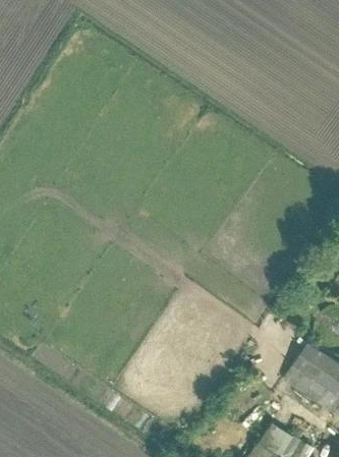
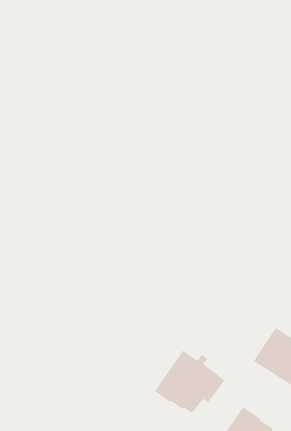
building: none -> [154,350,225,414]

